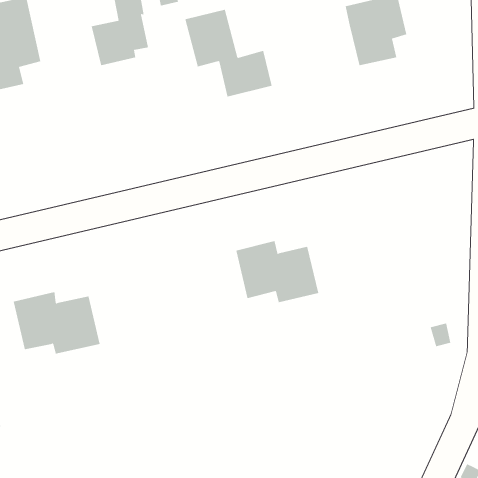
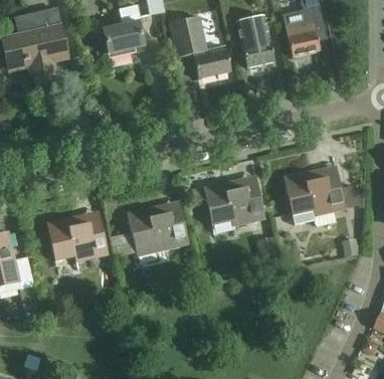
building: none -> [232,15,272,67]
building: none -> [282,170,344,226]
building: none -> [127,205,187,254]

